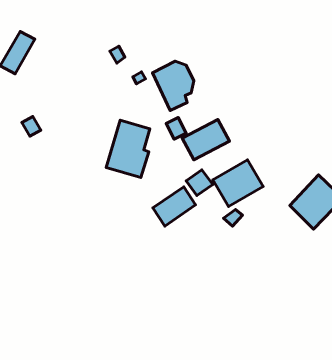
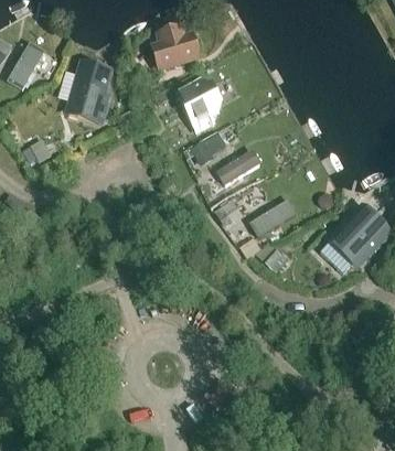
building: none -> [150,23,201,69]
building: [106,120,150,177] -> [64,57,113,121]
building: [153,187,196,226] -> none

